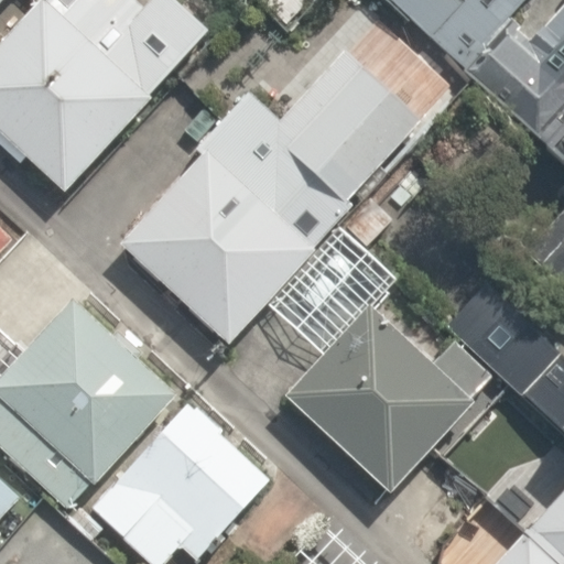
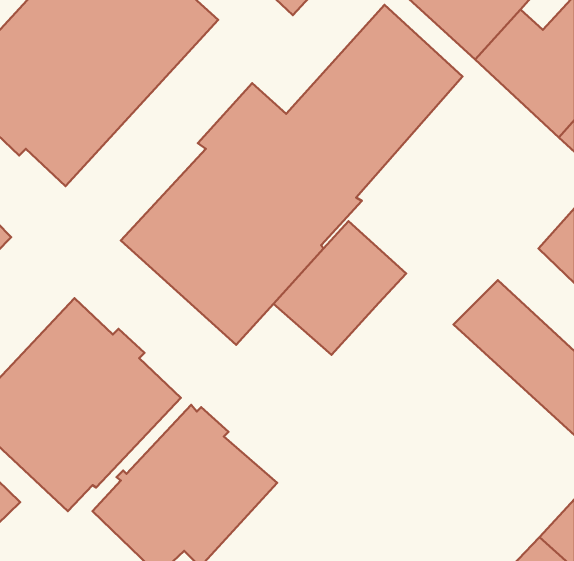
building: [285,304,497,495] -> none

